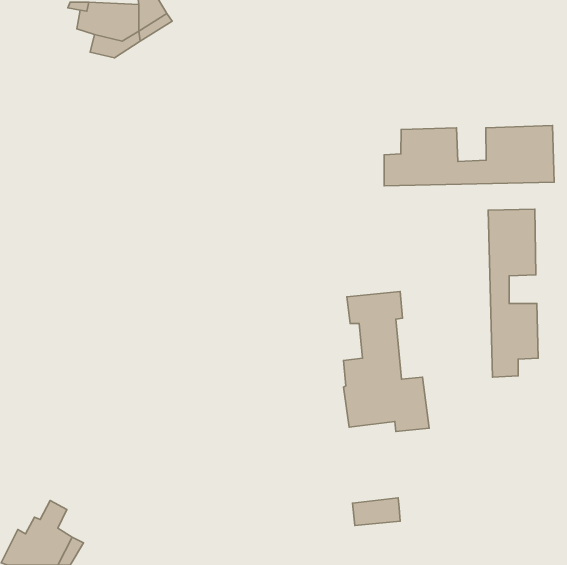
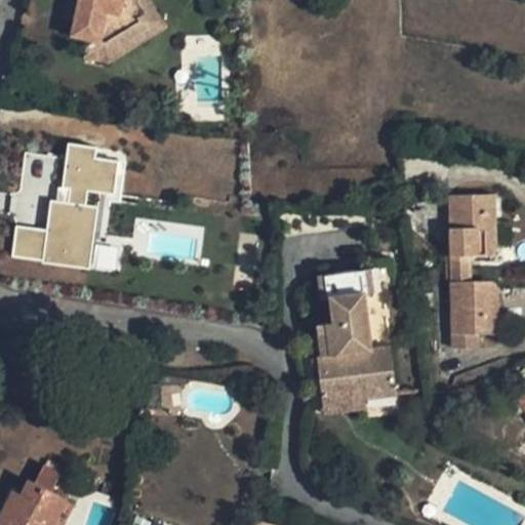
building: [384,126,554,186] -> none
building: none -> [10,143,117,272]
building: [352,498,400,525] -> [322,389,366,414]

